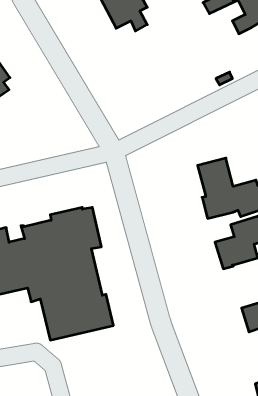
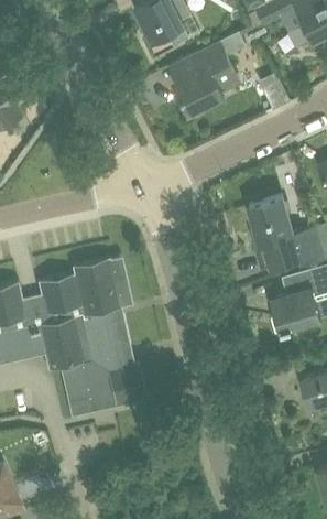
building: none -> [172,31,244,112]

